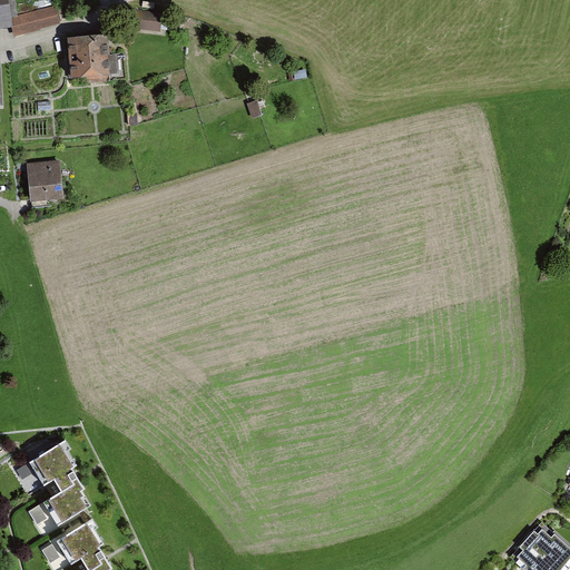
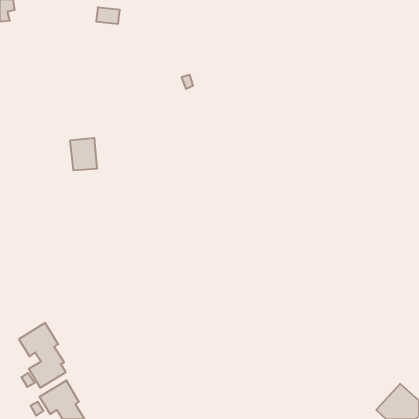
building: [10,7,61,31] -> none
building: [67,35,118,85] -> none
building: [26,161,62,205] -> [70,138,97,170]

